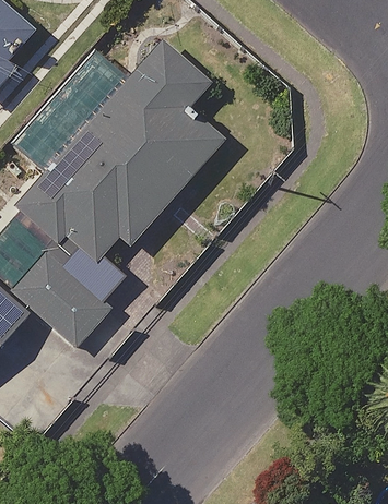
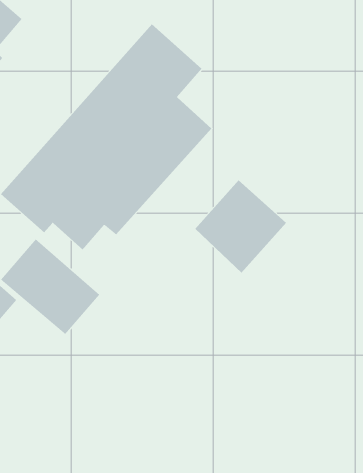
building: none -> [195,180,287,273]

